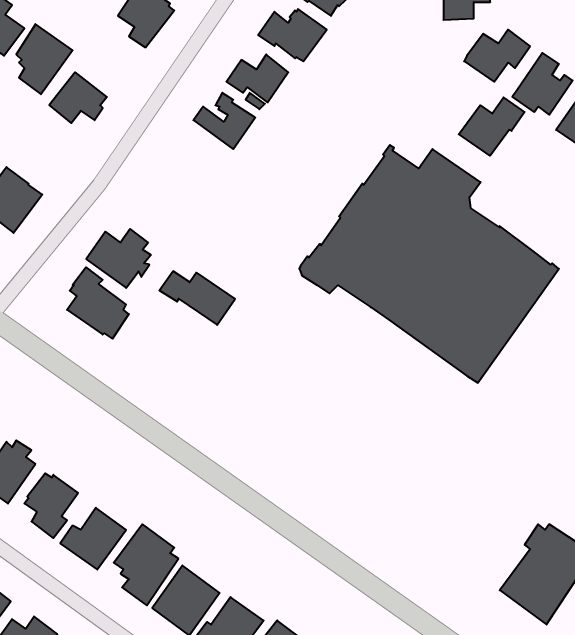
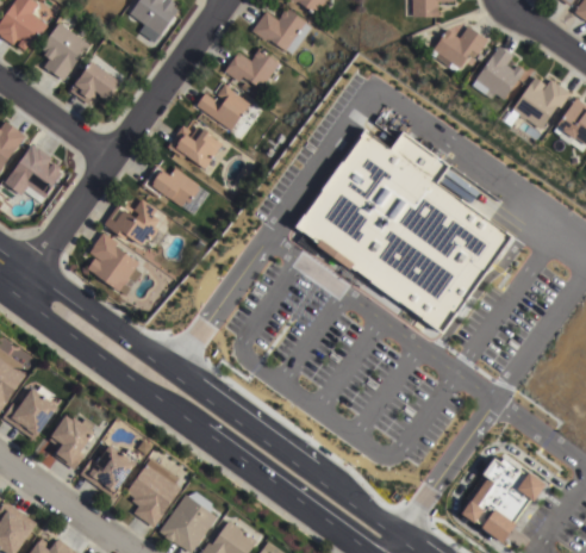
building: [459,97,525,156] -> none
building: none -> [167,126,222,170]
building: [159,271,235,325] -> [143,169,208,216]

